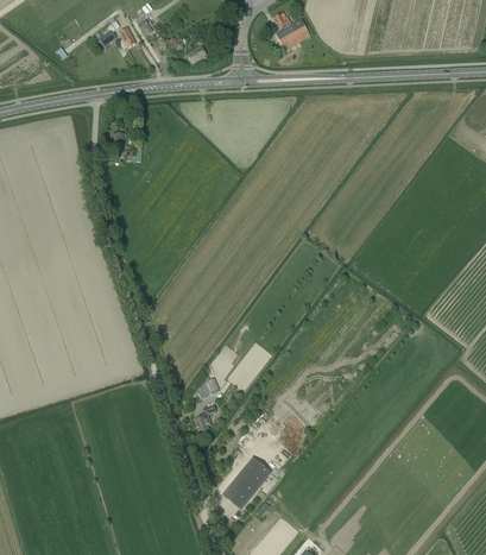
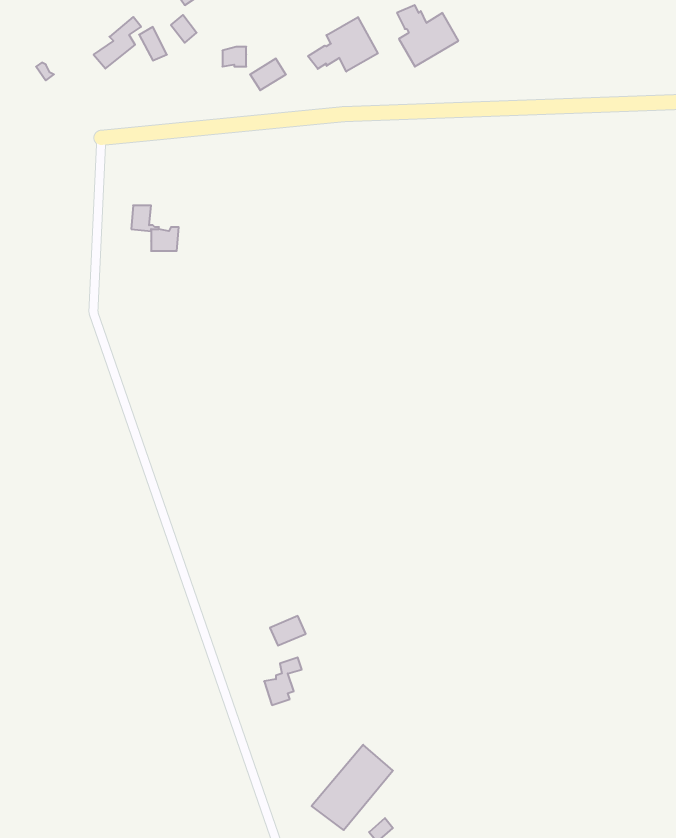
building: none -> [308,17,378,72]

